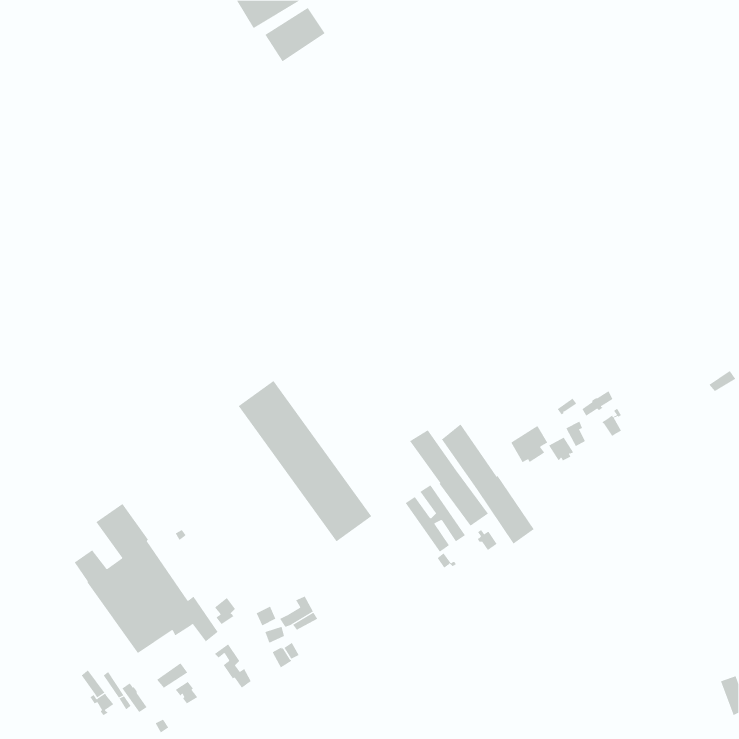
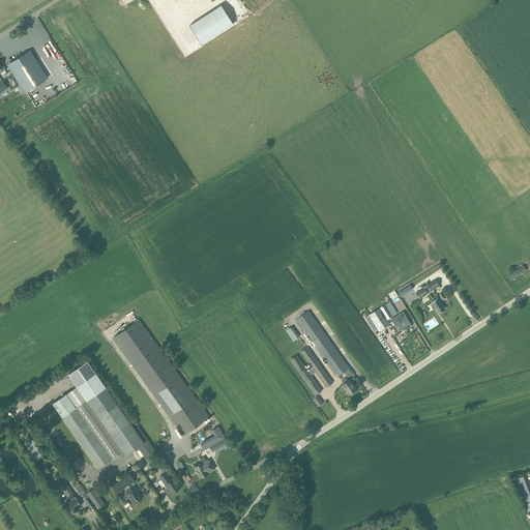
building: none -> [8,51,48,92]
building: [238,380,372,542] -> [113,319,209,435]
building: [441,423,534,545] -> none

